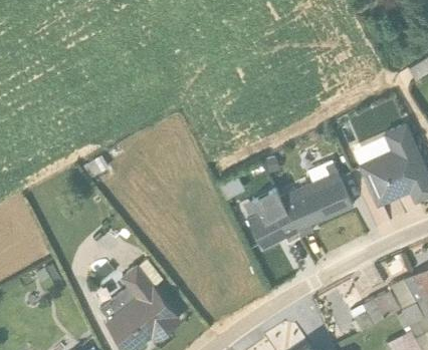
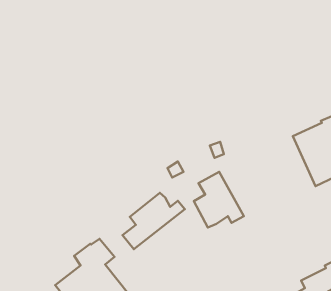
building: [280,161,354,237] -> none
building: none -> [122,193,185,249]

